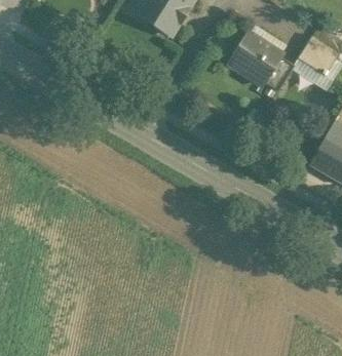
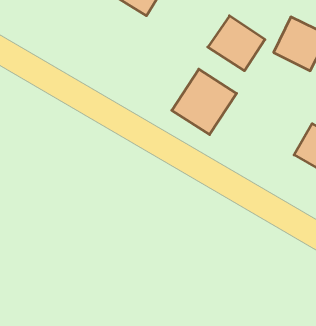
building: none -> [172,69,237,135]

